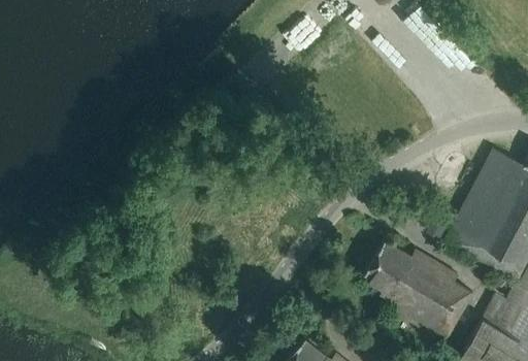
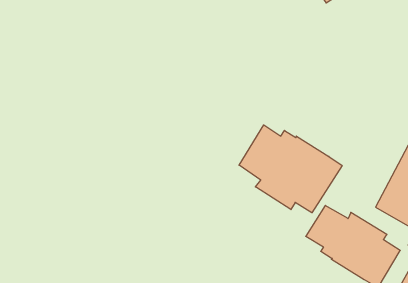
building: none -> [239,125,342,213]

